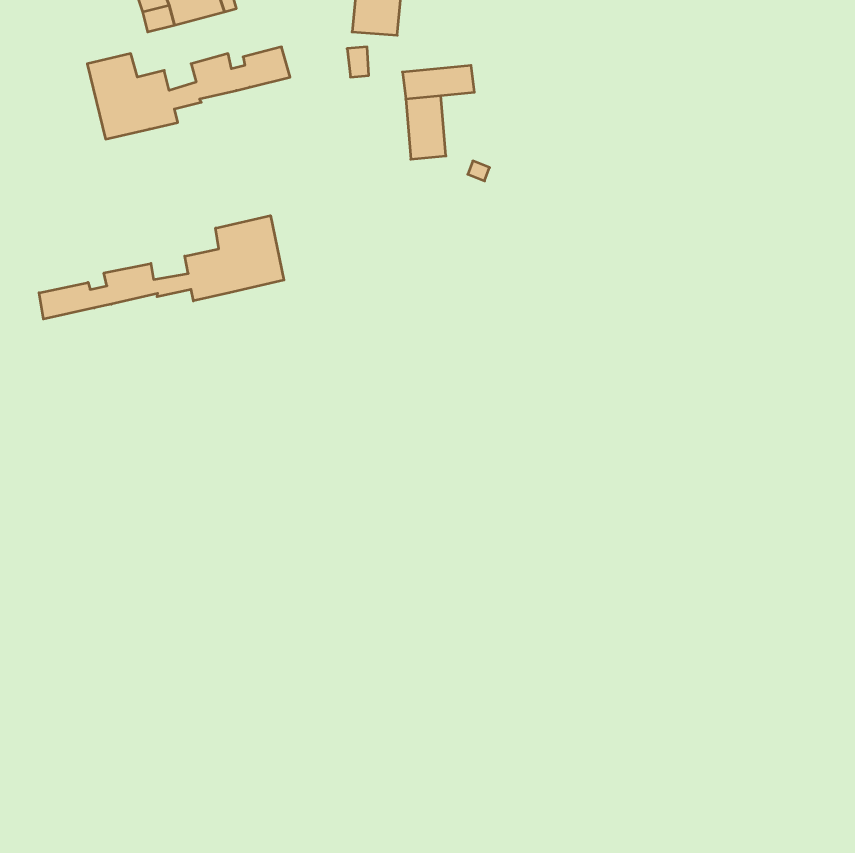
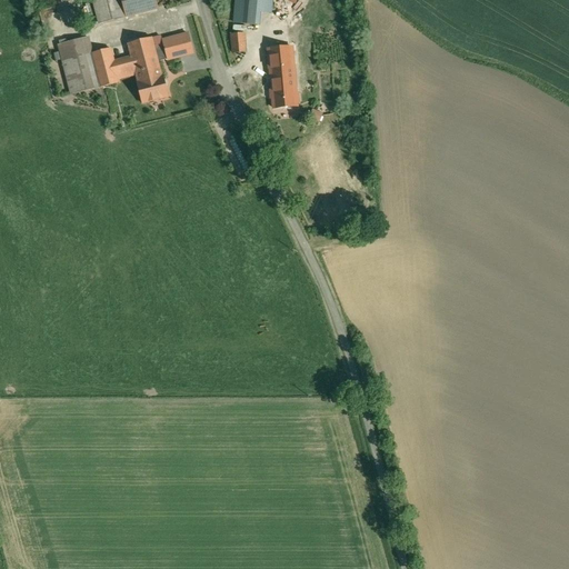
building: none -> [132,60,167,101]
building: [39,216,284,319] -> none

